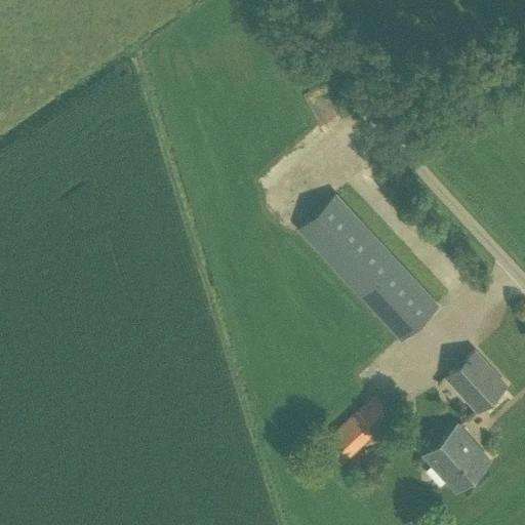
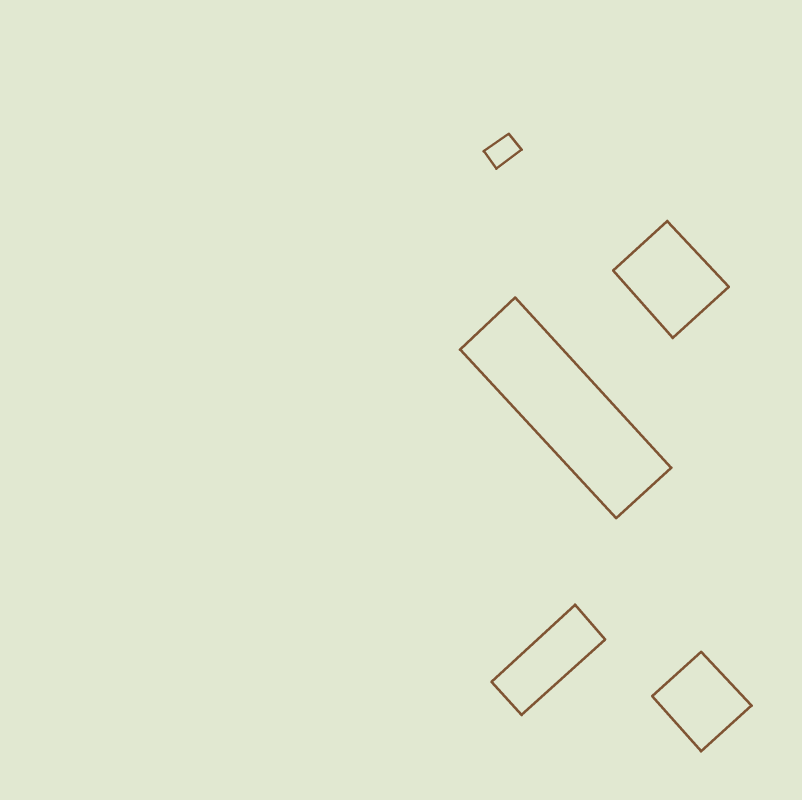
building: none -> [613,221,729,338]
building: [448,353,507,413] -> none

